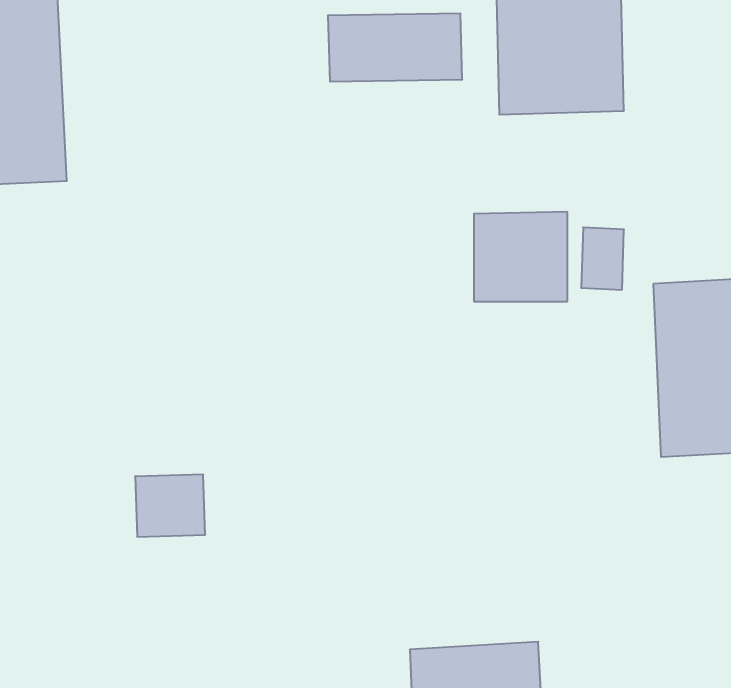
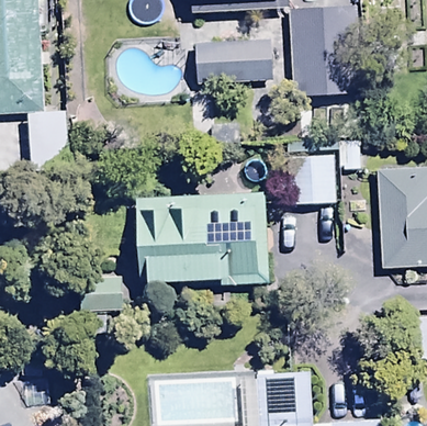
building: none -> [135,194,269,294]

